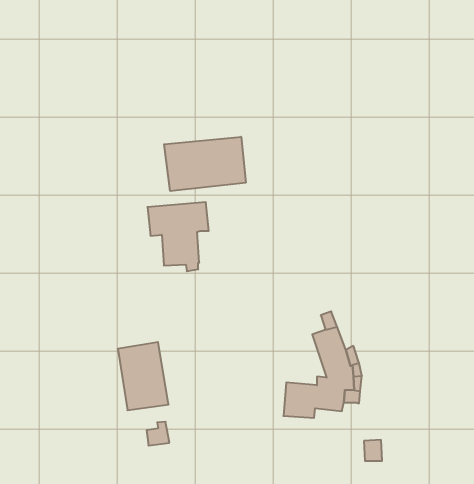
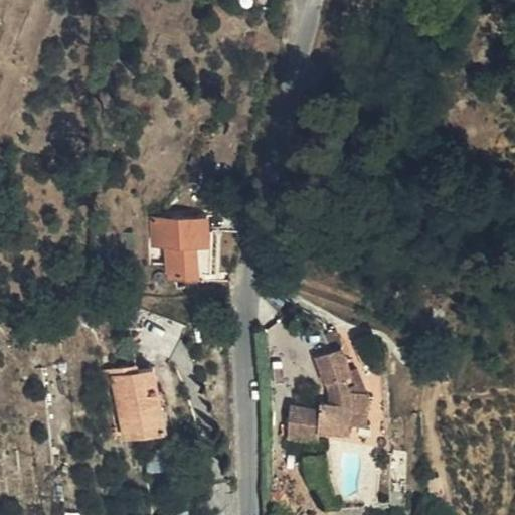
building: [164,137,246,191] -> none

